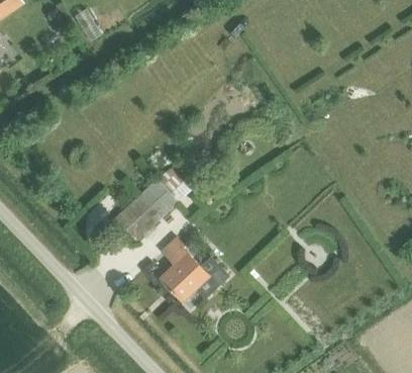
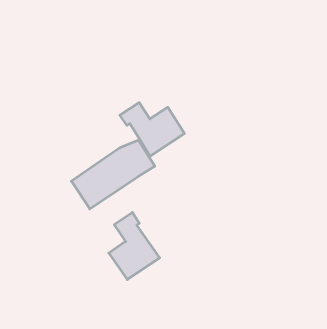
building: none -> [120,103,184,156]

